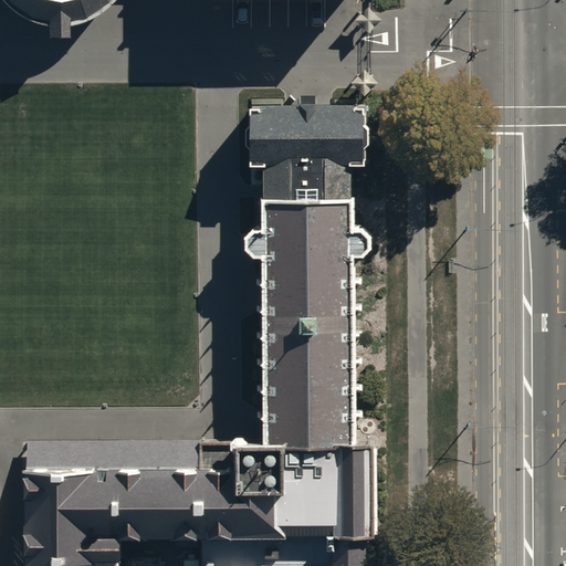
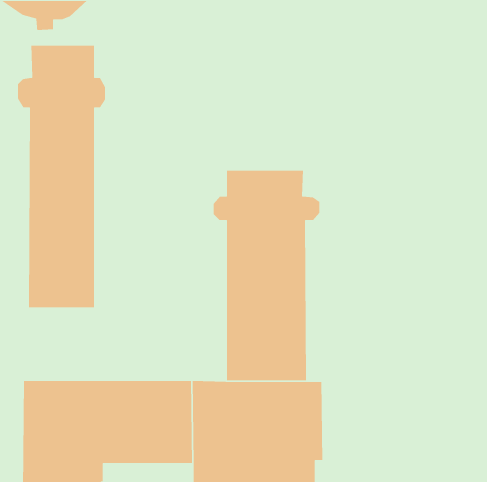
building: none -> [17,45,106,308]
building: [250,113,368,206] -> none

